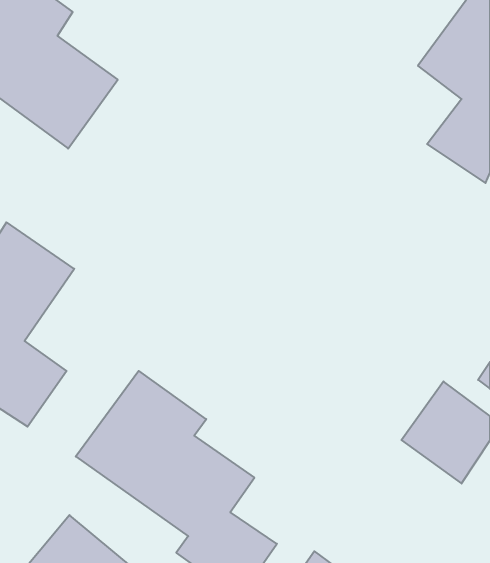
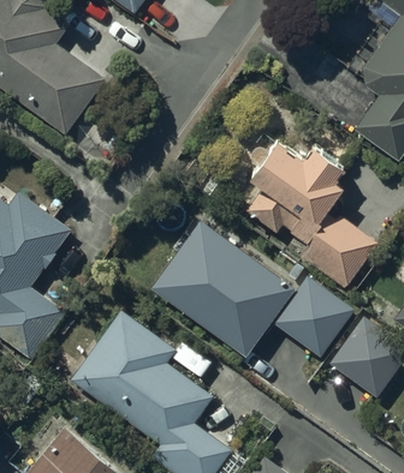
building: none -> [246,136,379,289]
building: none -> [153,223,295,358]
building: none -> [275,280,356,361]

